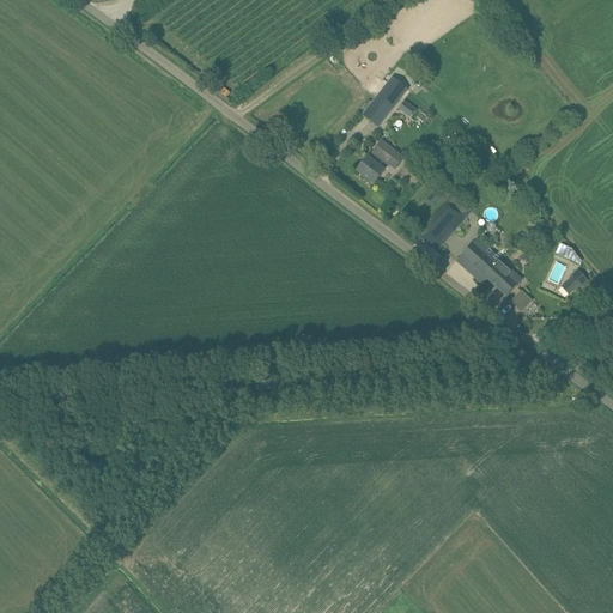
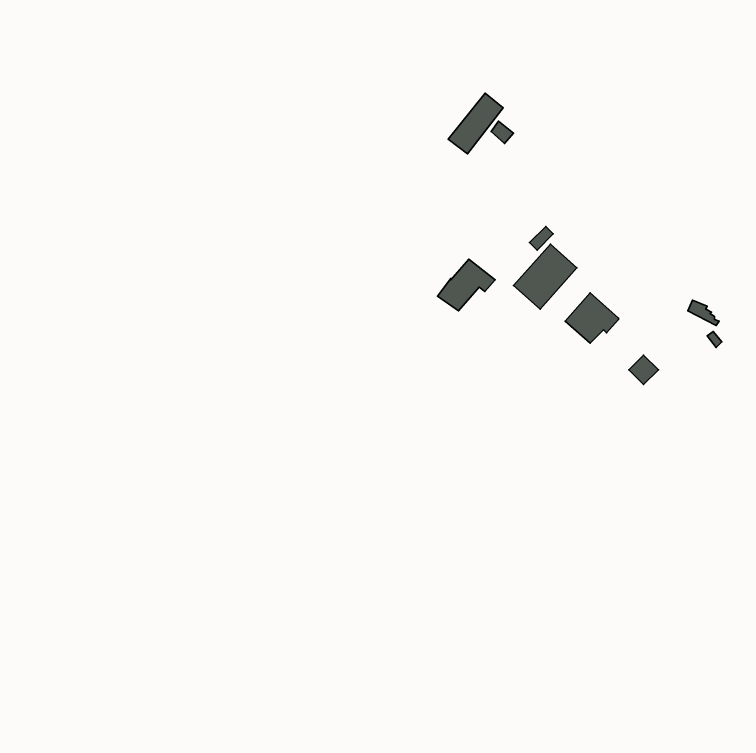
building: [357,140,403,182] -> [438,259,495,311]
building: [478,259,521,293] -> none

